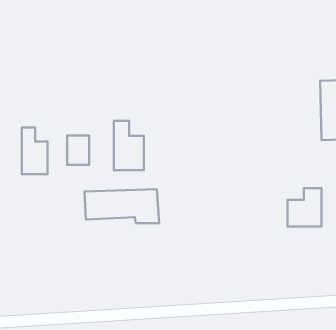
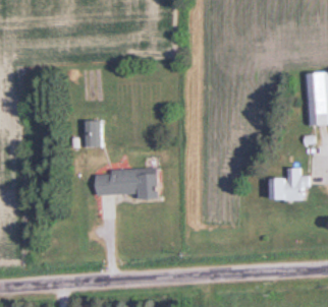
building: [114,121,144,170] -> none
building: [22,127,47,174] -> none

